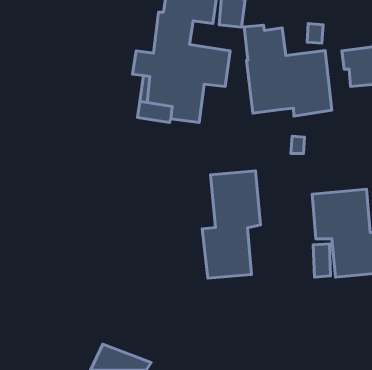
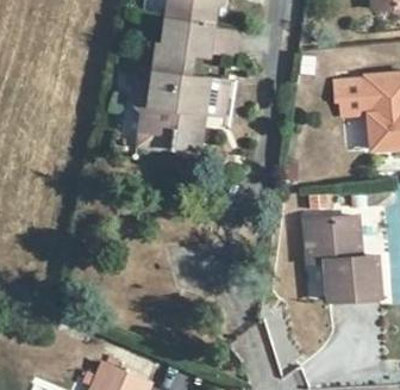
building: [244,25,332,116] -> none
building: [202,171,261,278] -> none

